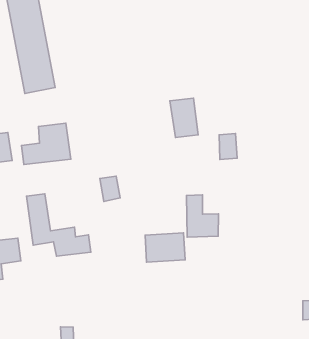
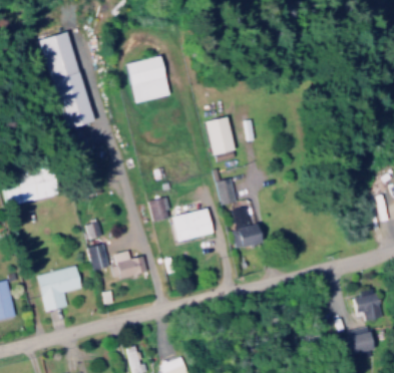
building: none -> [128,56,170,102]
building: [22,123,71,165] -> none
building: [219,133,237,159] -> [217,178,236,205]
building: [145,233,185,262] -> [173,210,214,241]

